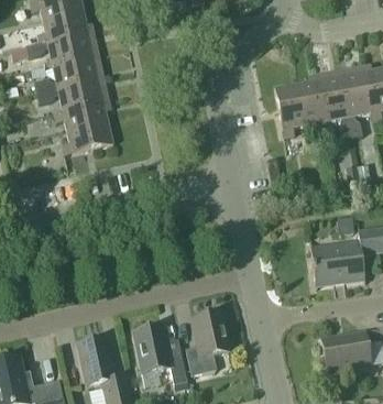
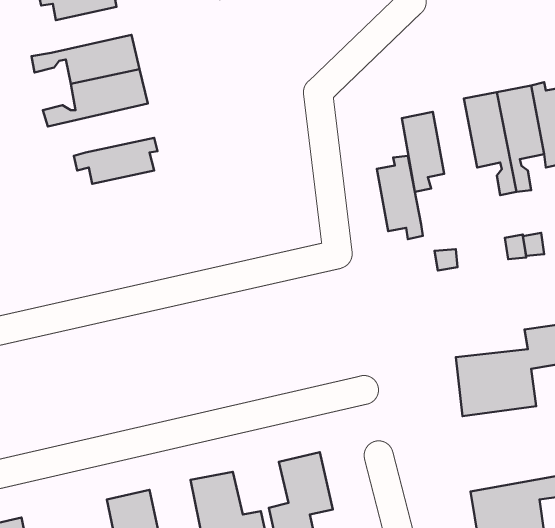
building: [37,12,94,43] -> none
building: [296,74,327,130] -> [377,156,423,239]
building: [37,77,109,110] -> none
building: [62,122,113,154] -> none

